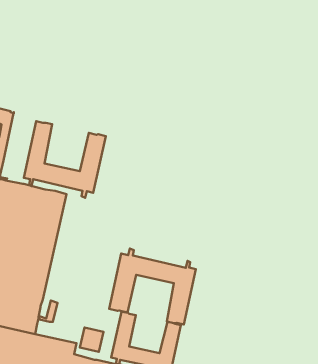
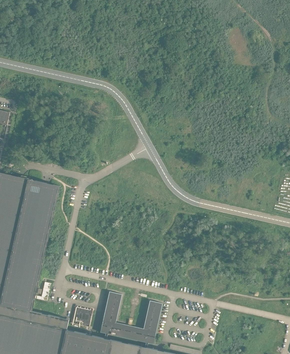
building: [24,121,106,198] -> none
building: [109,248,196,325] -> none

